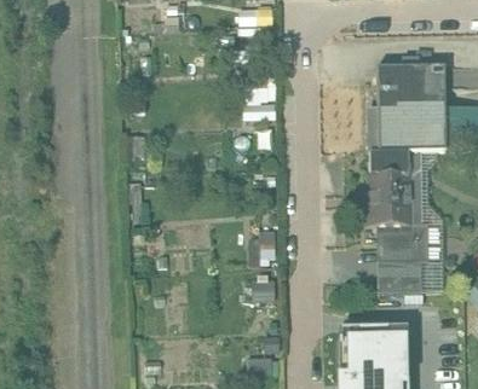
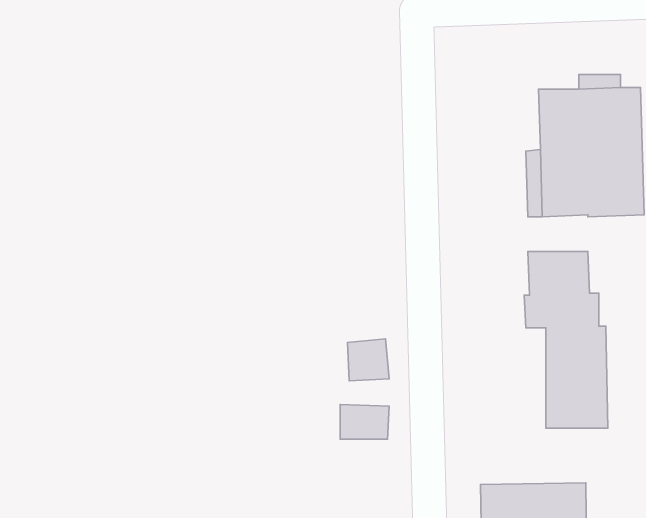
building: [370,151,410,175] -> none

